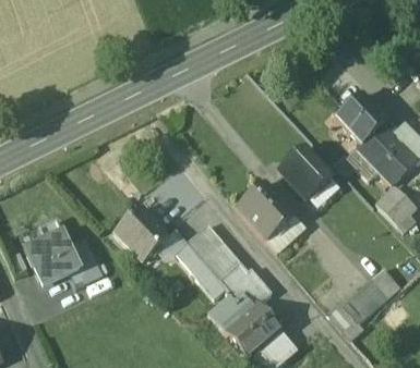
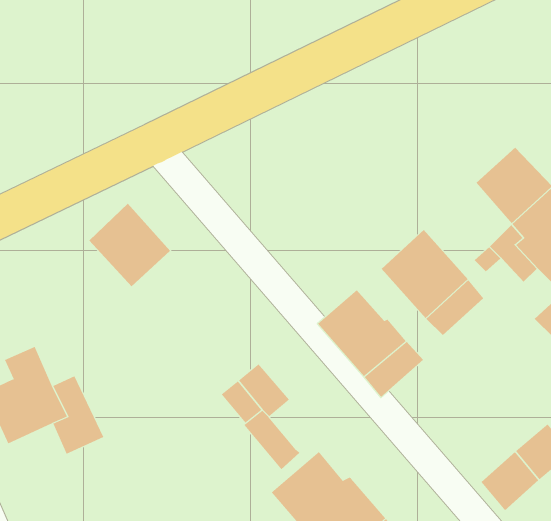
building: [116,207,168,260] -> [88,203,171,287]
building: [225,265,273,305] -> none

